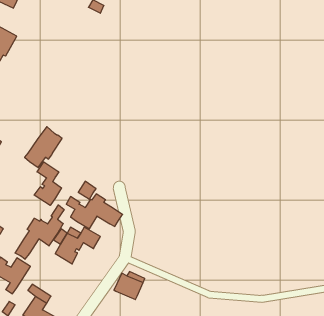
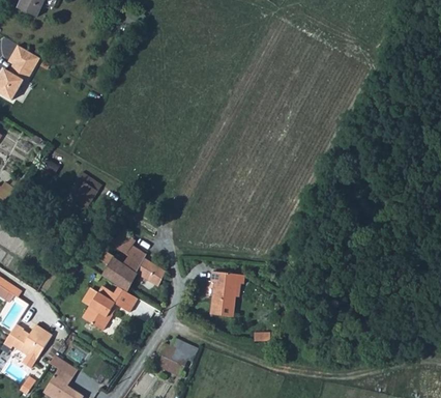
building: [34,162,62,205] -> none
building: [15,205,64,259] -> none
building: none -> [209,273,242,317]

